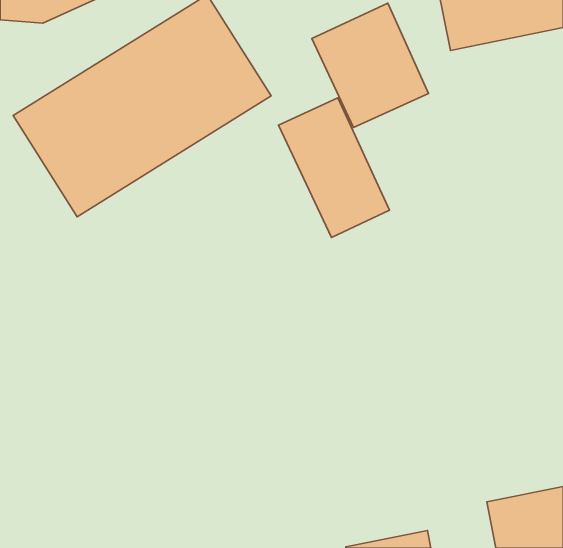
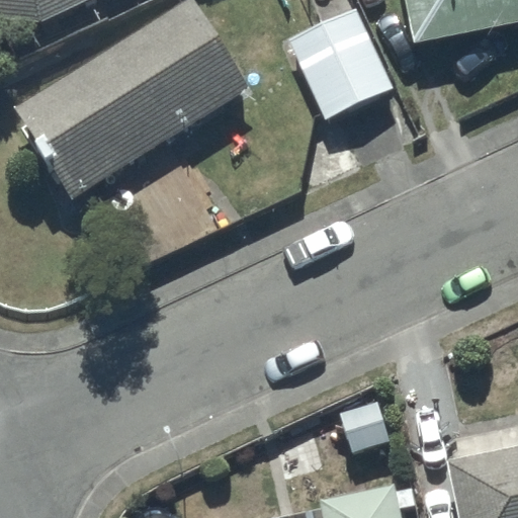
building: [279,98,390,238] -> none

